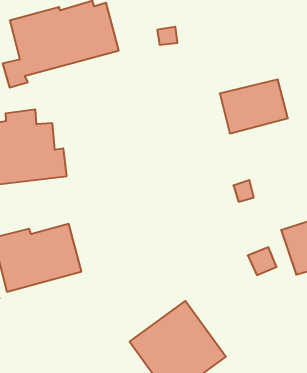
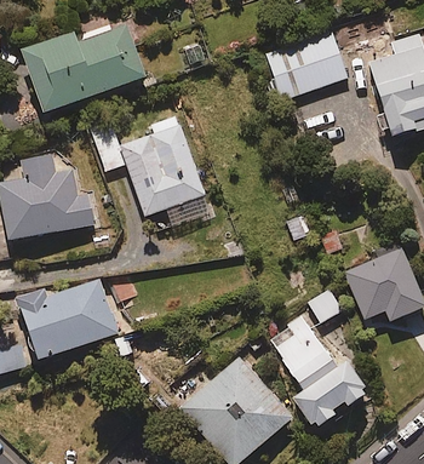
building: [220,79,288,133] -> [268,34,348,99]
building: none -> [90,115,210,230]
building: none -> [269,316,367,429]

